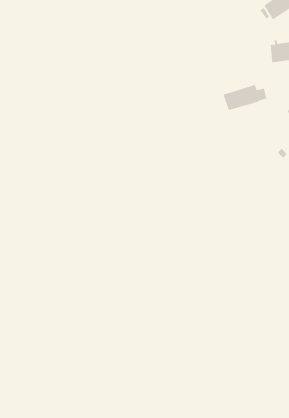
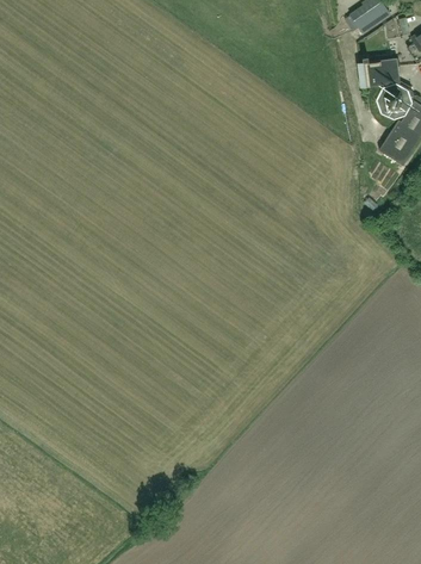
building: [223,84,267,111] -> none

